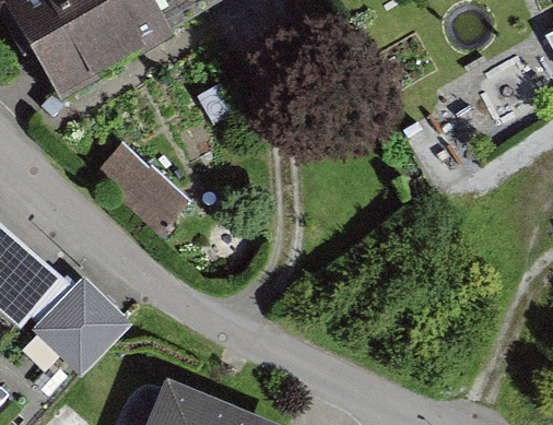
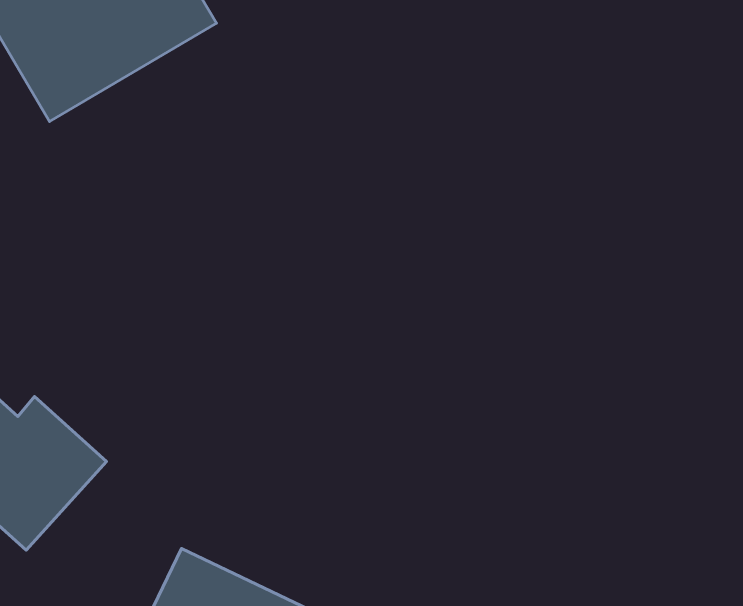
building: [90,134,191,229] -> none

